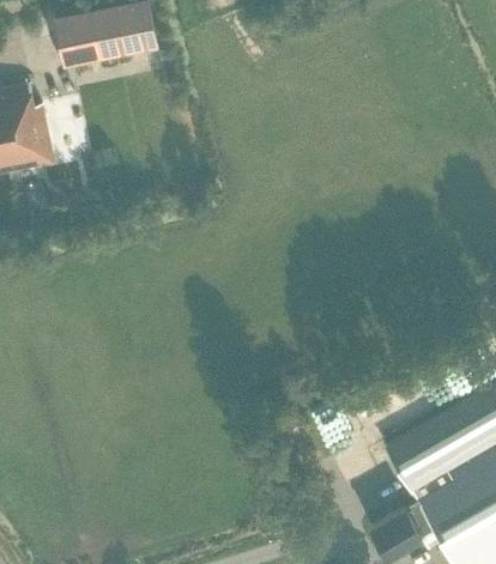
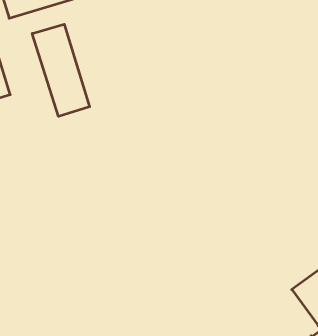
building: none -> [32,24,90,116]

